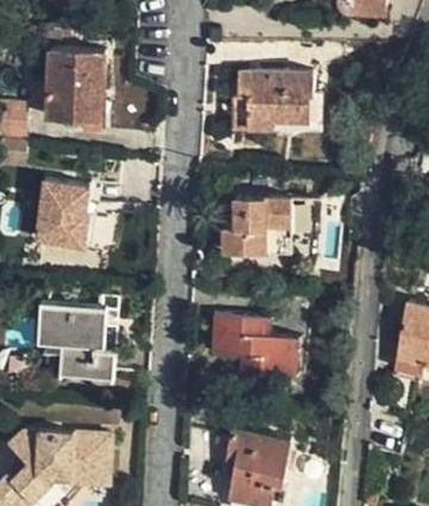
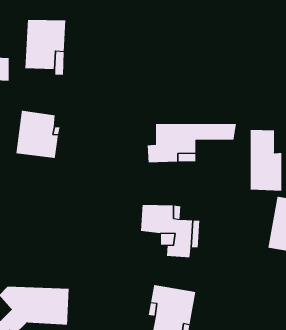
building: [236,73,318,131] -> none
building: none -> [250,129,282,191]
building: [43,306,114,375] -> none

